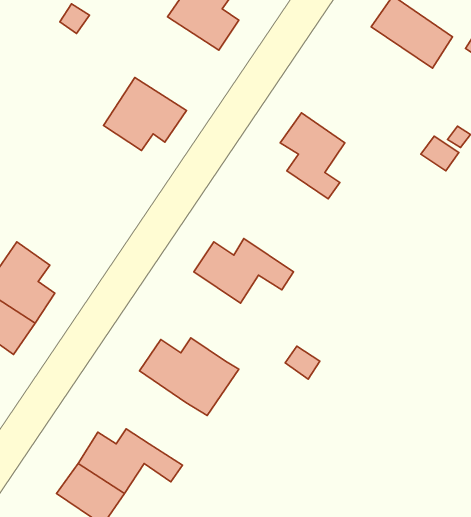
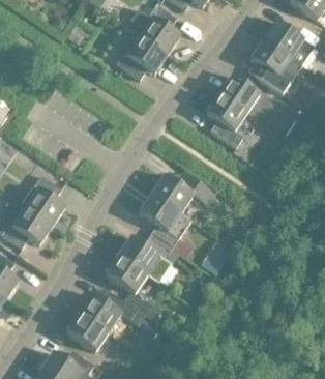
building: none -> [249,41,300,96]
building: [104,78,186,150] -> [115,35,167,81]
building: none -> [218,76,259,114]
building: none -> [138,195,180,251]
building: none -> [105,257,150,316]

